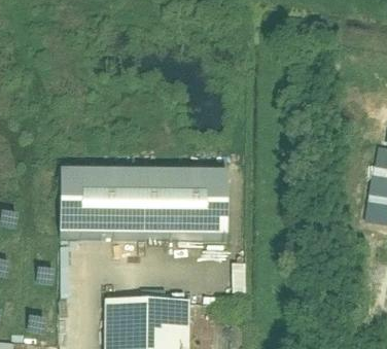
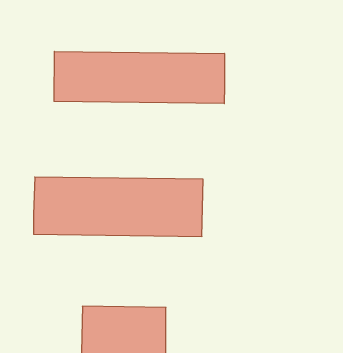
building: none -> [54,51,225,104]

